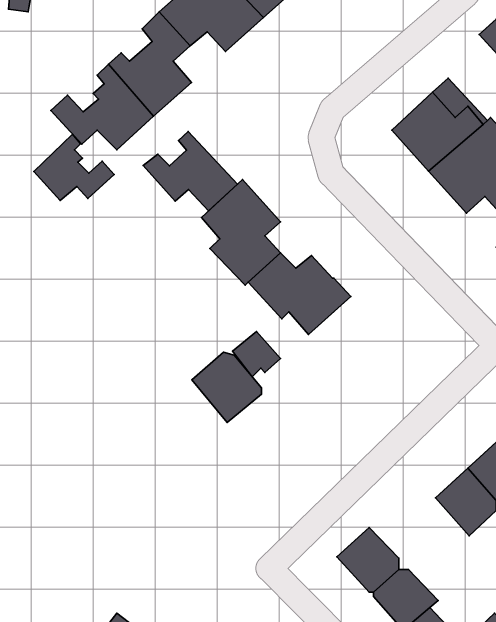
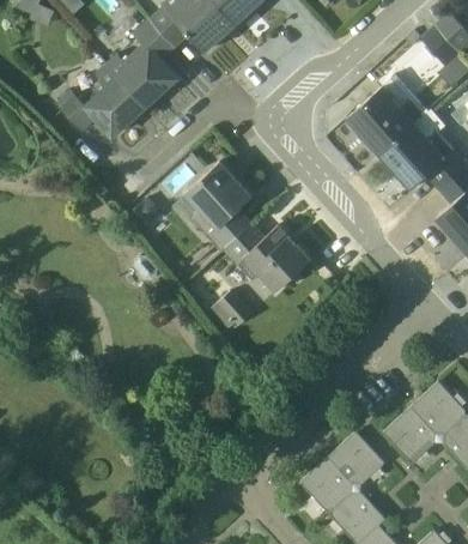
building: [143,132,237,211] -> none
building: [34,134,114,200] -> none
building: [192,352,262,422] -> none
building: none -> [327,431,384,484]

